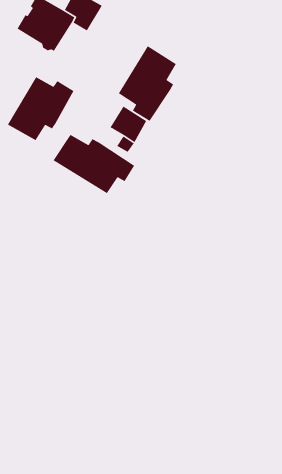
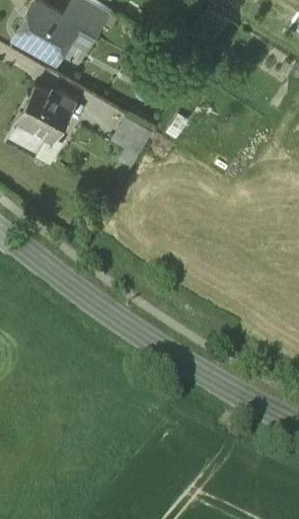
building: [118,45,177,122] -> none
building: [53,134,135,194] -> none

